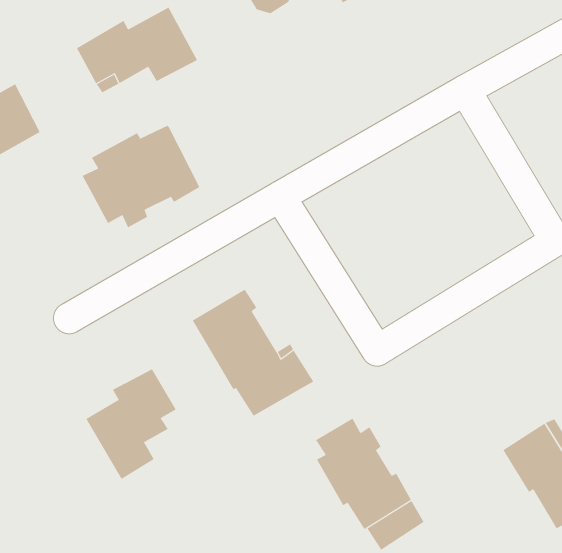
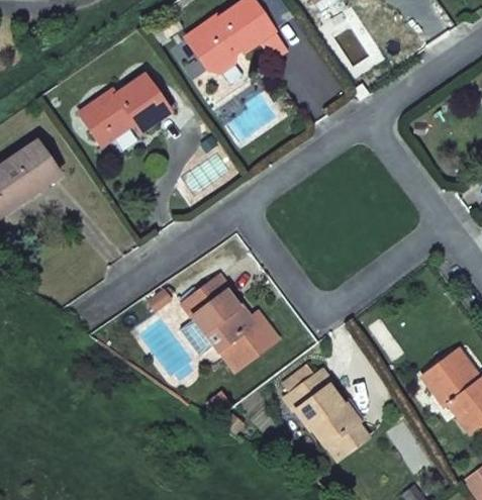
building: [82,125,200,228] -> none
building: [85,368,177,480] -> none

